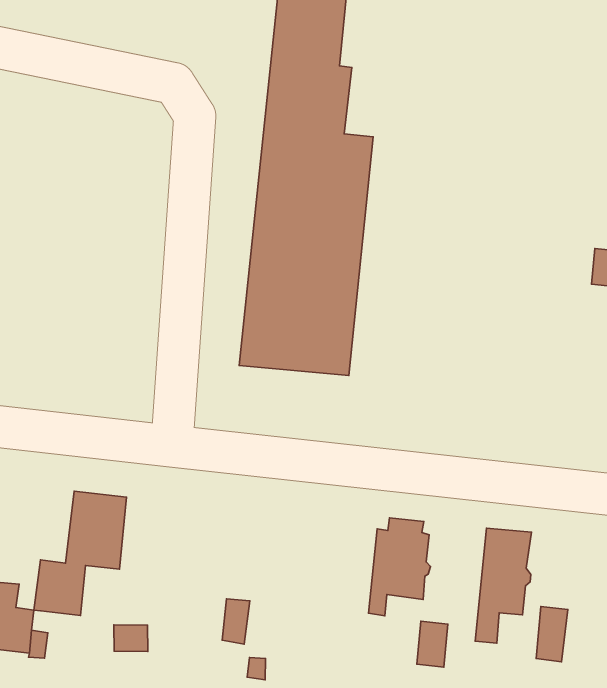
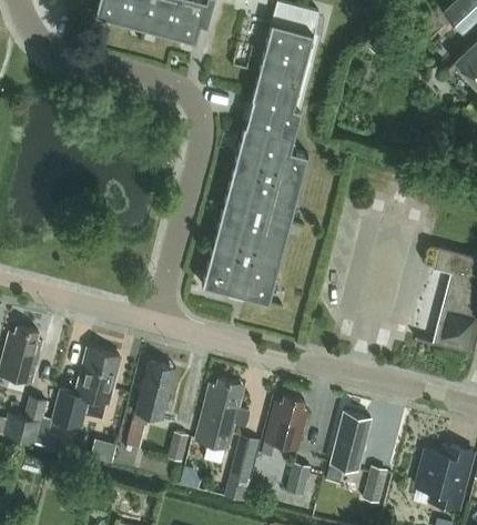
building: none -> [124,363,174,451]
building: none -> [194,380,244,451]
building: none -> [230,436,258,489]

